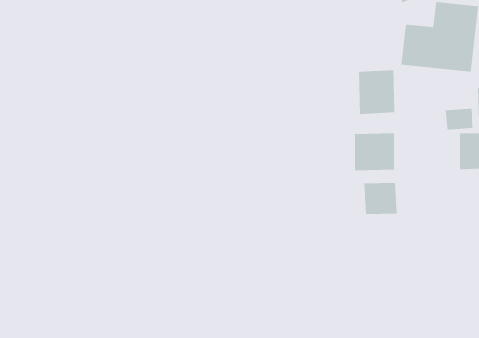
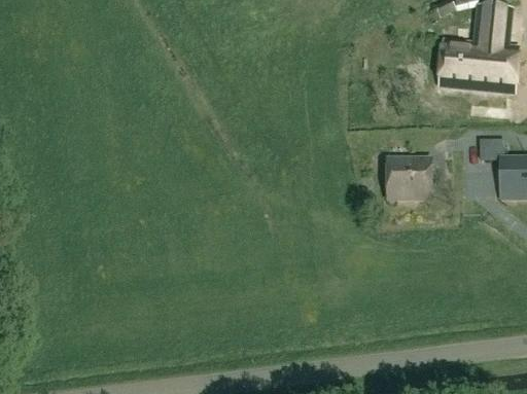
building: [358,69,395,115] -> none
building: [364,182,397,215] -> none

